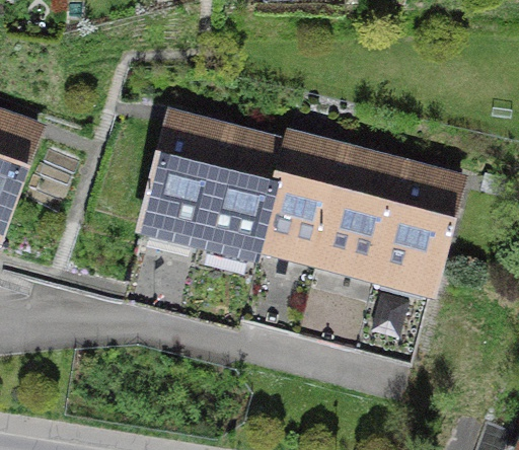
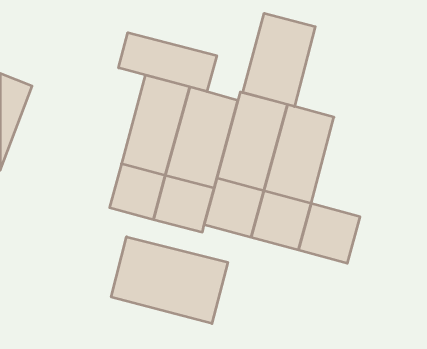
building: none -> [243,13,315,107]
building: none -> [119,33,217,92]
building: [375,156,461,276] -> none
building: none -> [111,237,228,324]

